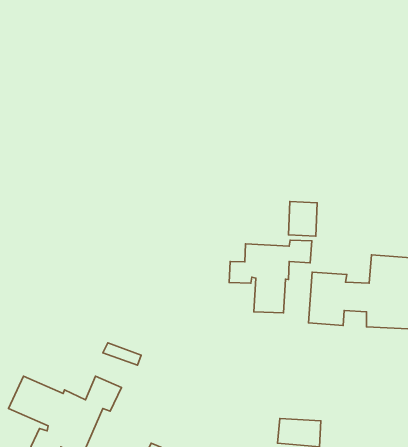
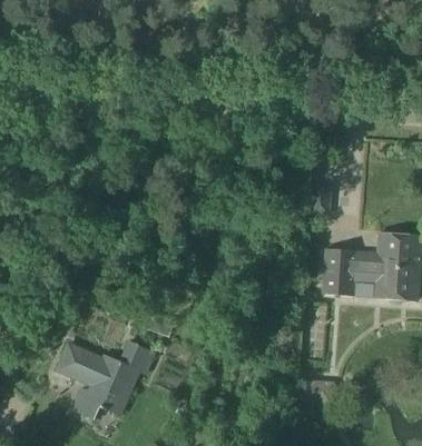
building: [229,240,312,313] -> none

